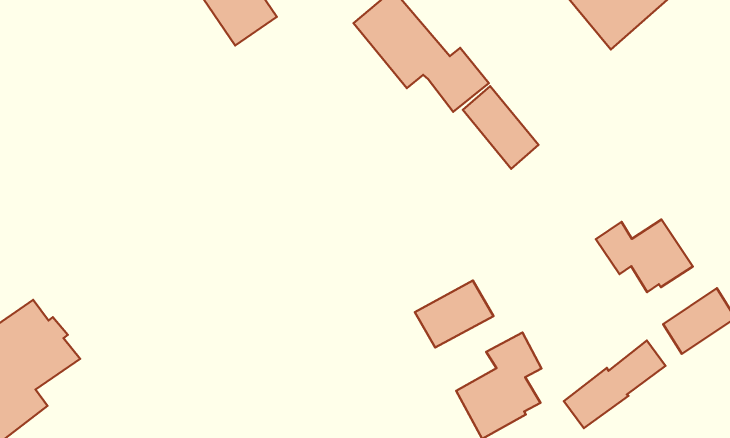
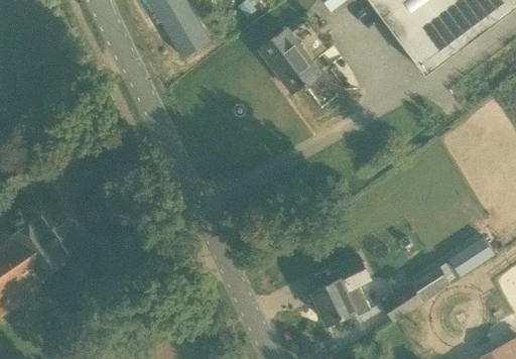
building: [463,86,538,169] -> none
building: [596,220,693,292] -> none
building: [415,280,493,348] -> none

